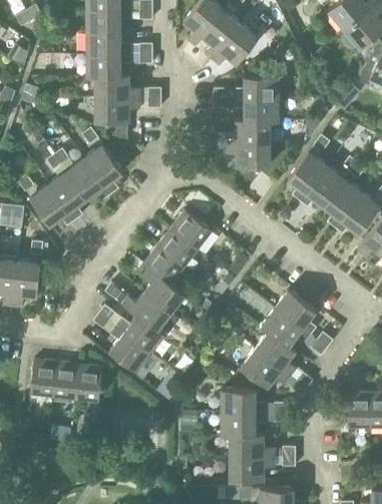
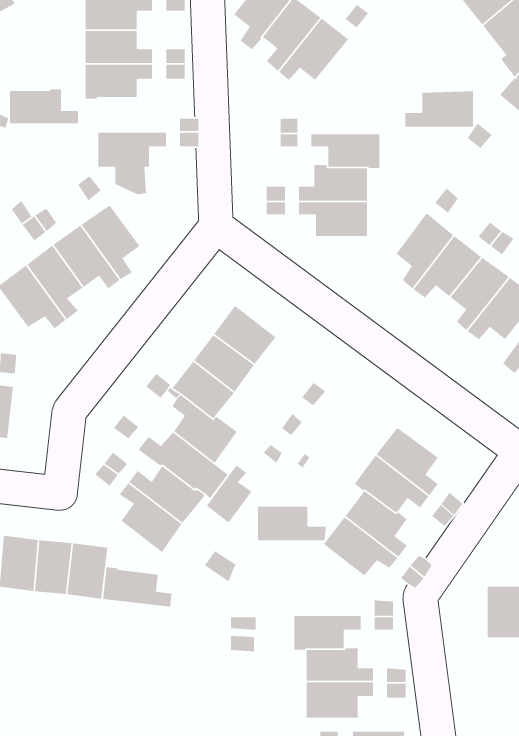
building: [94,75,139,98] -> [9,89,79,124]
building: [233,75,278,99] -> [404,90,474,128]
building: none -> [206,464,252,524]
building: none -> [102,566,172,607]
building: [222,389,267,412] -> [257,506,327,541]

